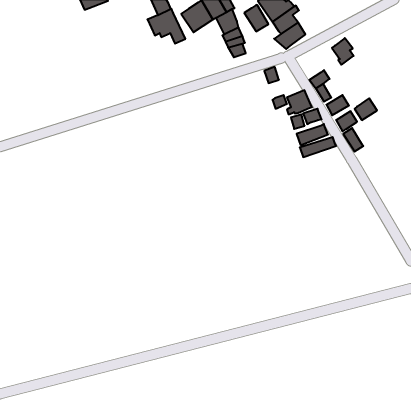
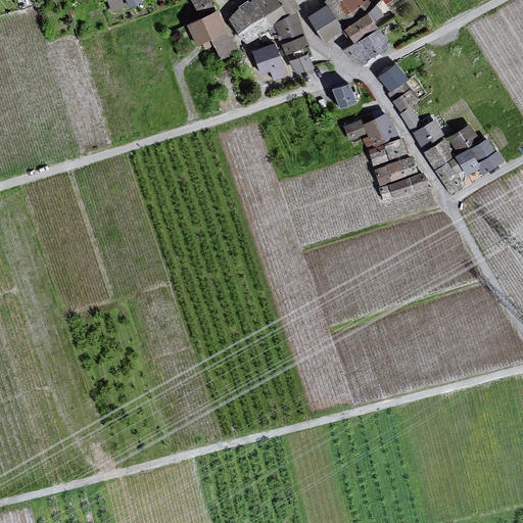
building: none -> [252,43,285,77]
building: [332,38,354,65] -> [379,64,407,98]
building: none -> [450,138,501,173]

